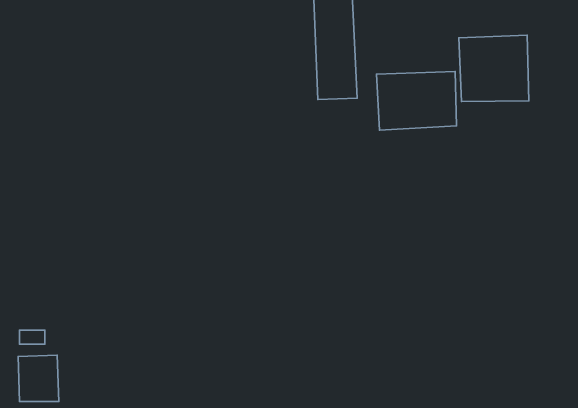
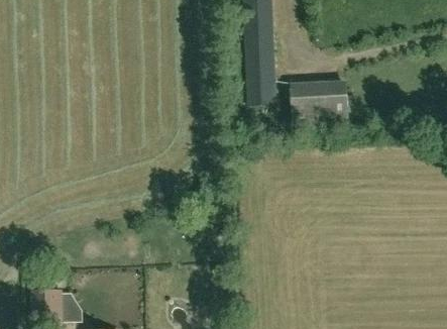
building: [459,35,529,102] -> none

